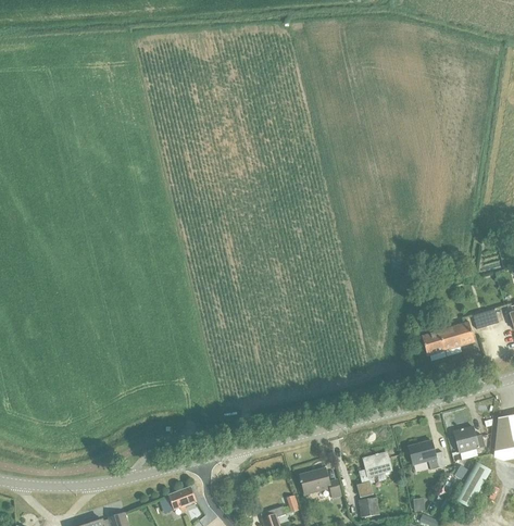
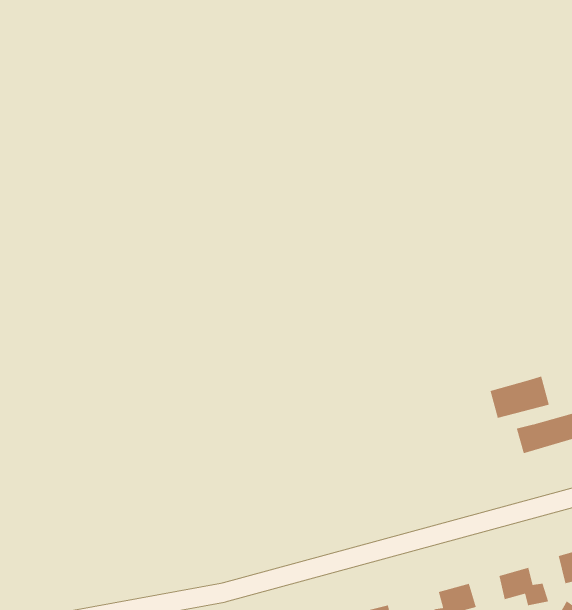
building: none -> [490,375,550,419]

